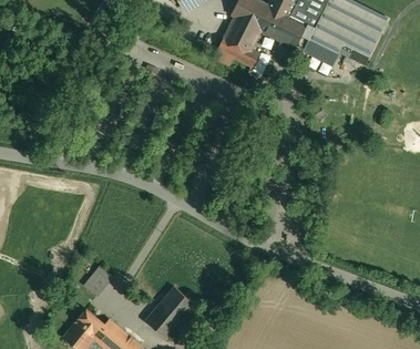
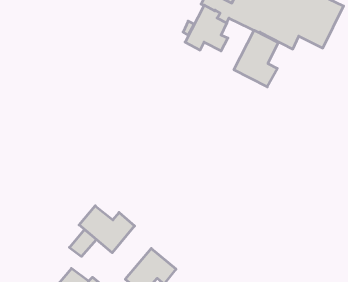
building: none -> [234,30,278,87]
building: none -> [79,206,135,253]

